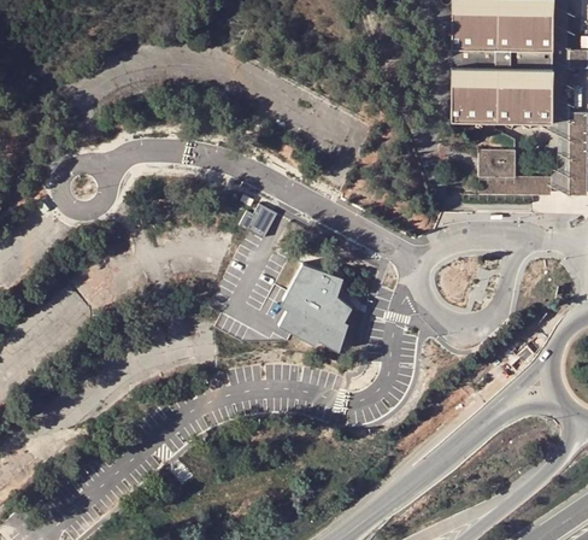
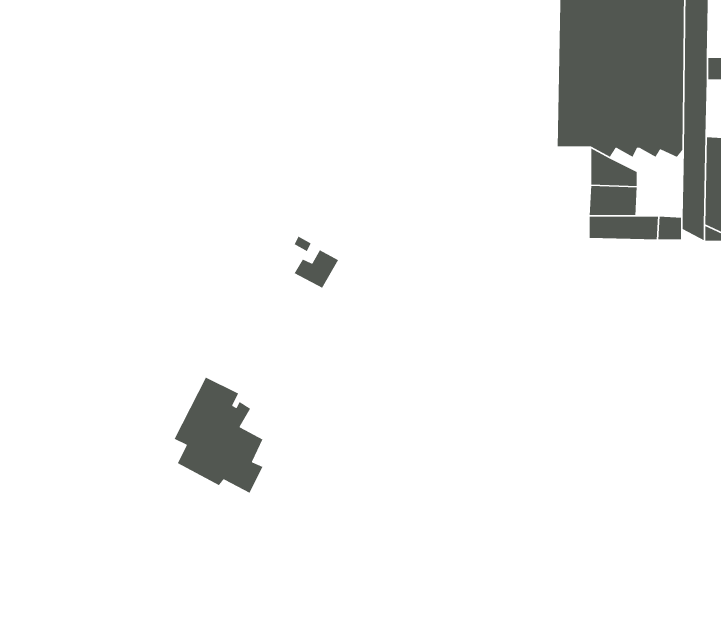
building: [280,256,351,348] -> [174,377,263,494]

